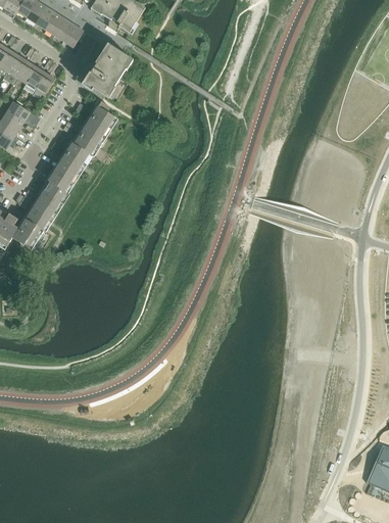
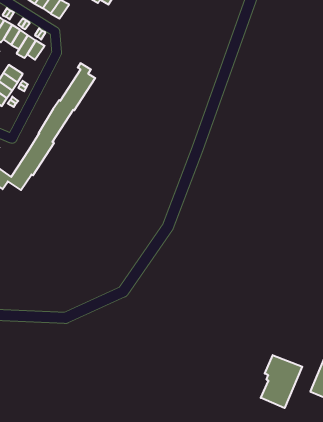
building: [84,31,131,96] -> none
building: none -> [261,355,302,408]

